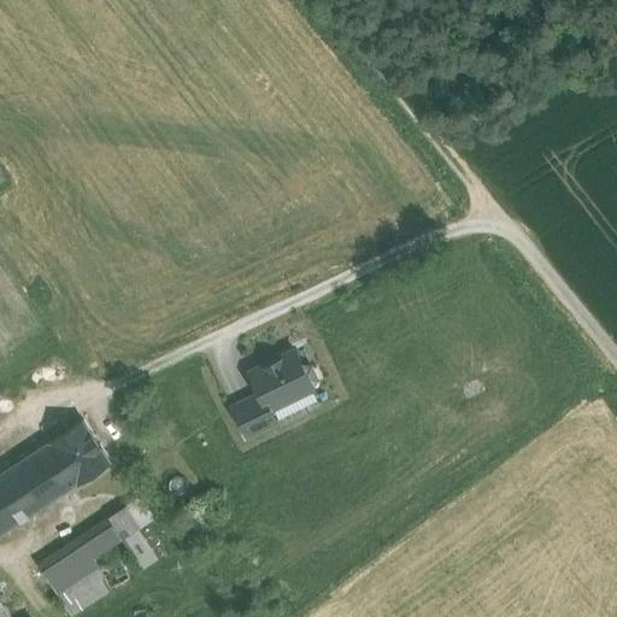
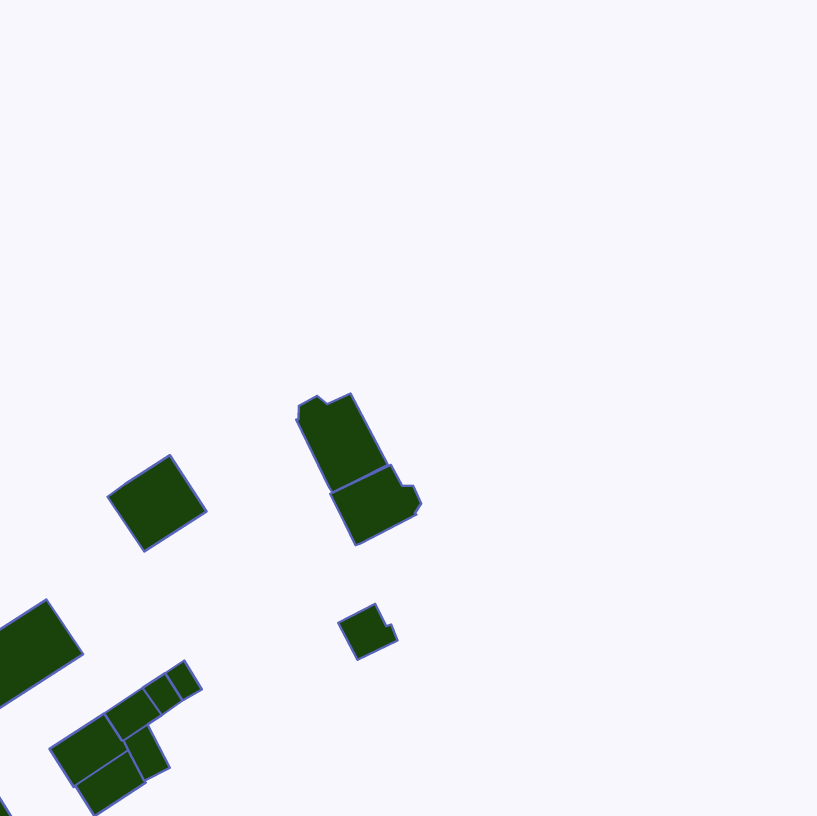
building: none -> [296,393,388,493]
building: [231,395,276,437] -> [338,604,398,660]
building: [35,422,110,494] -> [107,455,207,551]

